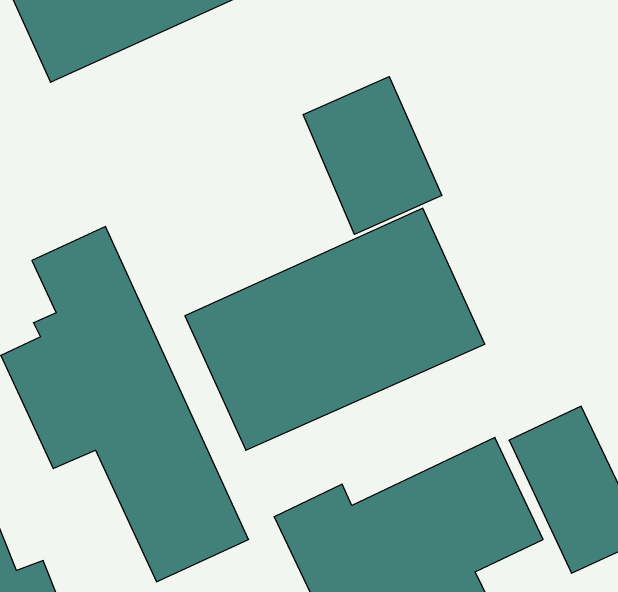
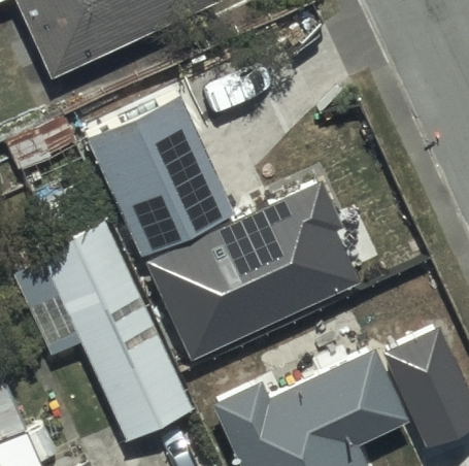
building: [303,77,442,234] -> none
building: none -> [82,89,232,254]

